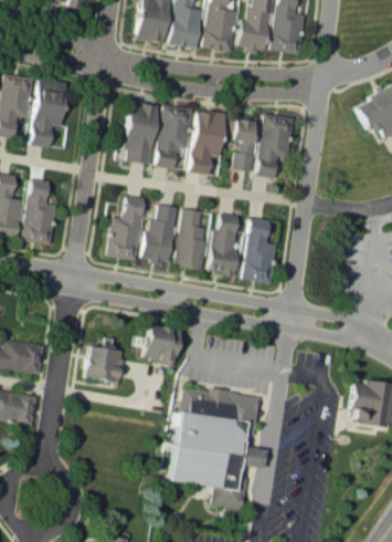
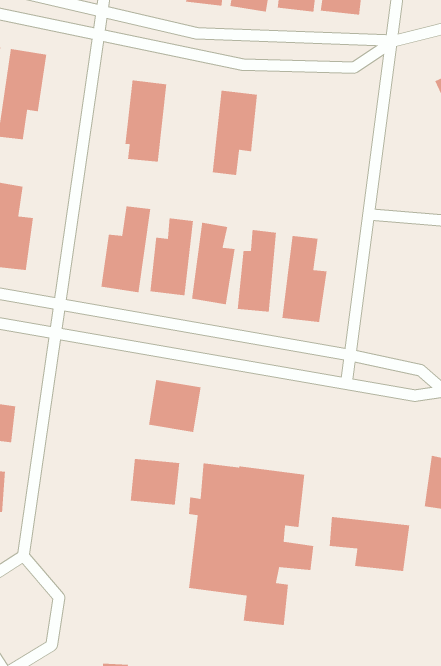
building: [156,105,192,168] -> none
building: [256,114,294,178] -> none
building: [227,115,257,171] -> none
building: [85,346,123,382] -> [130,458,180,506]
building: none -> [329,516,410,572]

